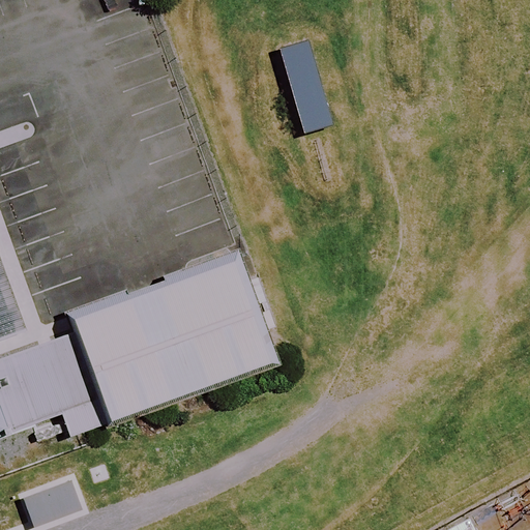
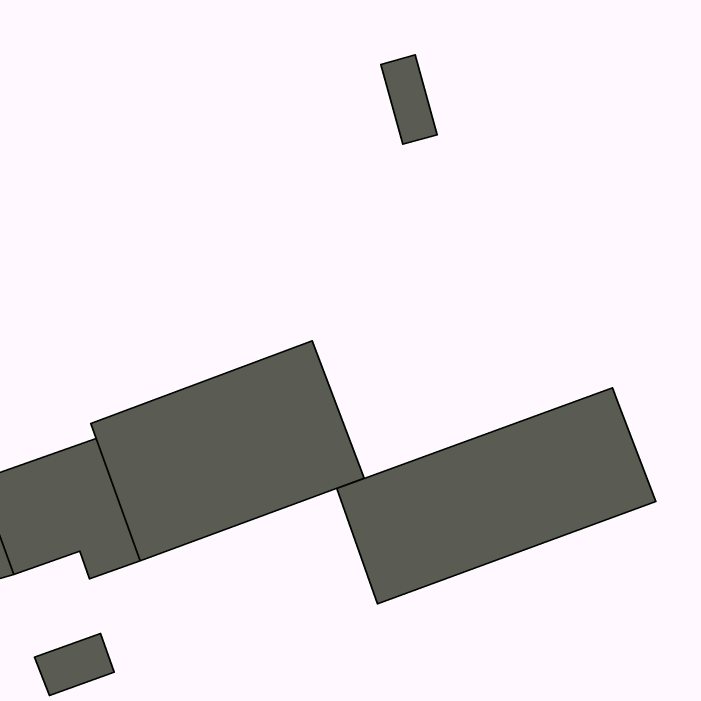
building: none -> [337,388,656,604]

